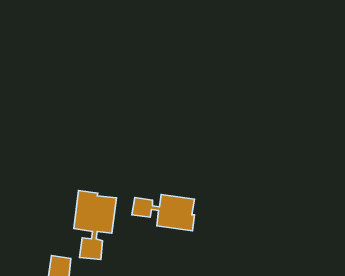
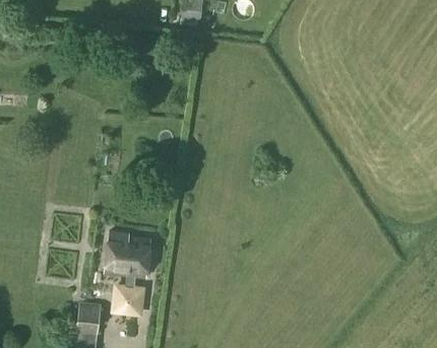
building: [132,195,195,231] -> none

